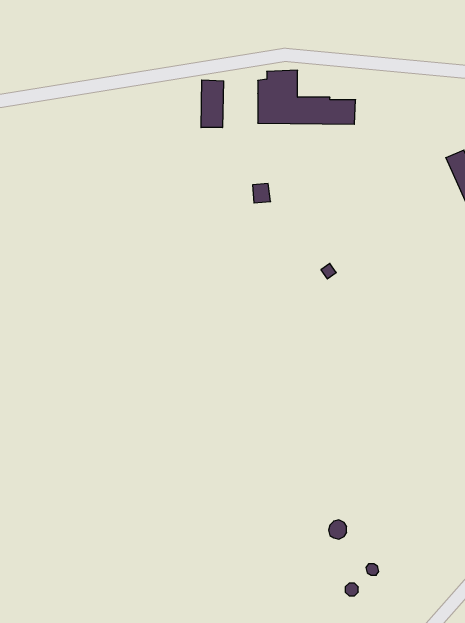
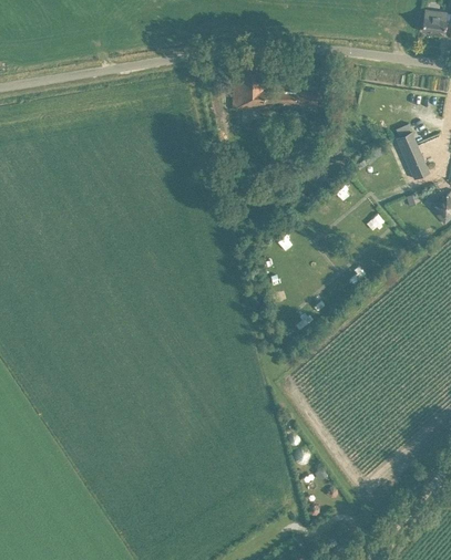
building: [201,80,224,128] -> none

